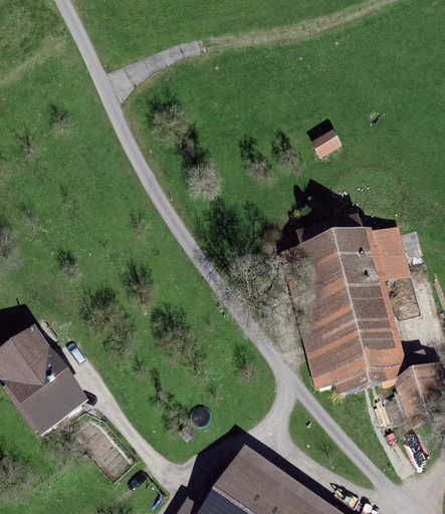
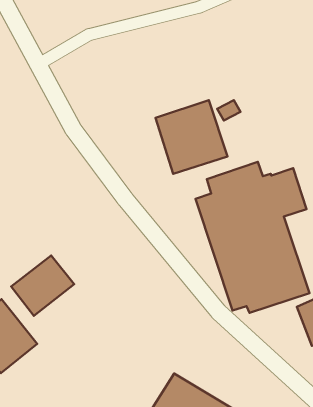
building: none -> [156,100,228,174]
building: none -> [11,255,74,316]

